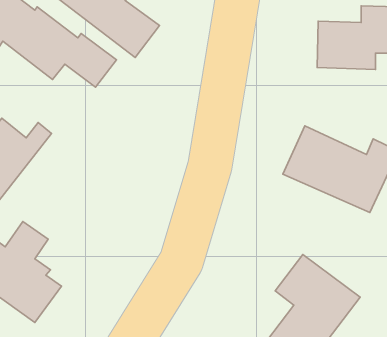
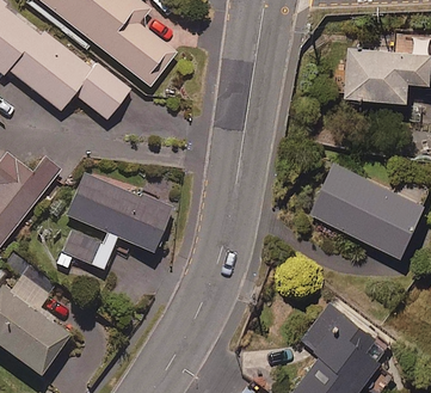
building: none -> [57,176,170,269]

